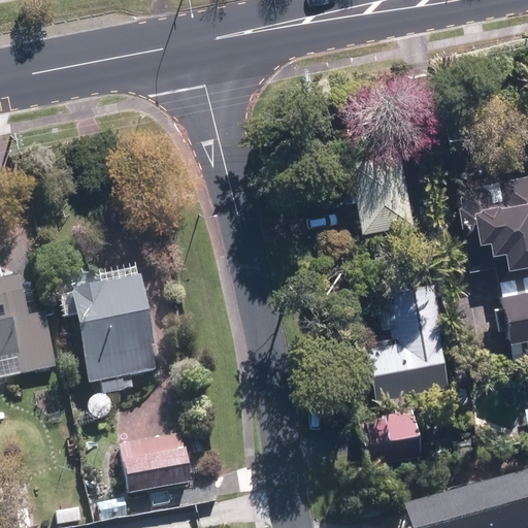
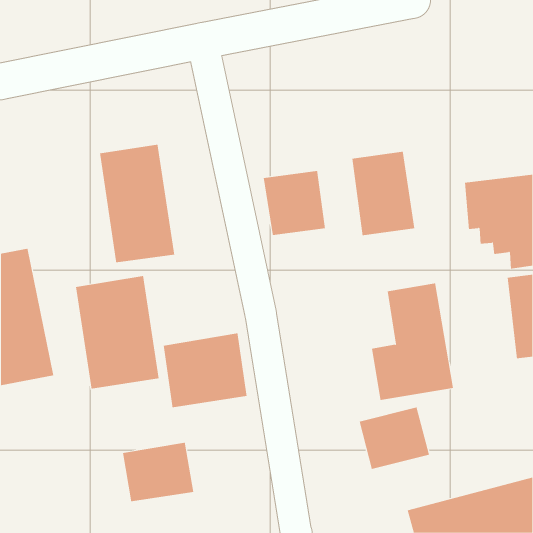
building: none -> [99,144,175,263]
building: none -> [263,170,325,236]
building: none -> [163,332,247,408]

